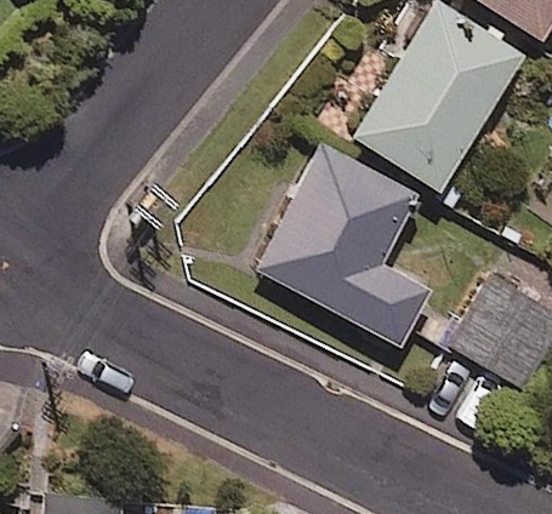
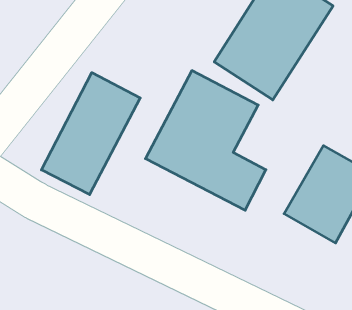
building: none -> [41,73,140,195]

